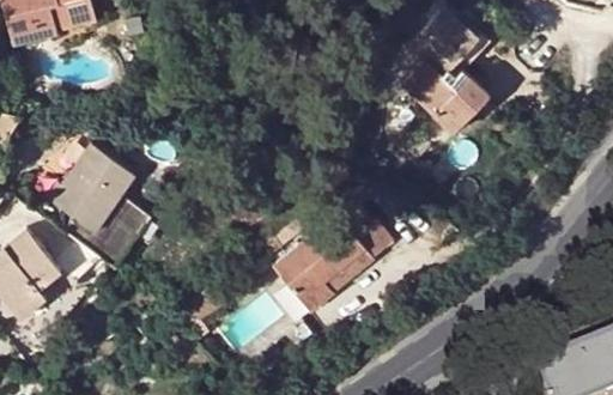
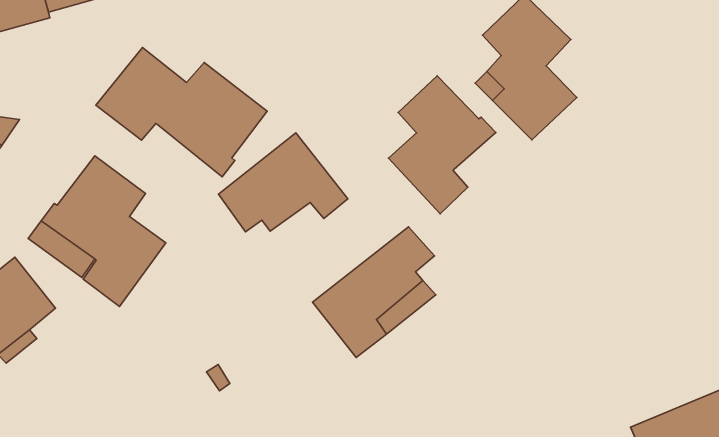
building: none -> [96,48,267,177]
building: none -> [388,76,496,214]
building: none -> [218,133,348,232]

